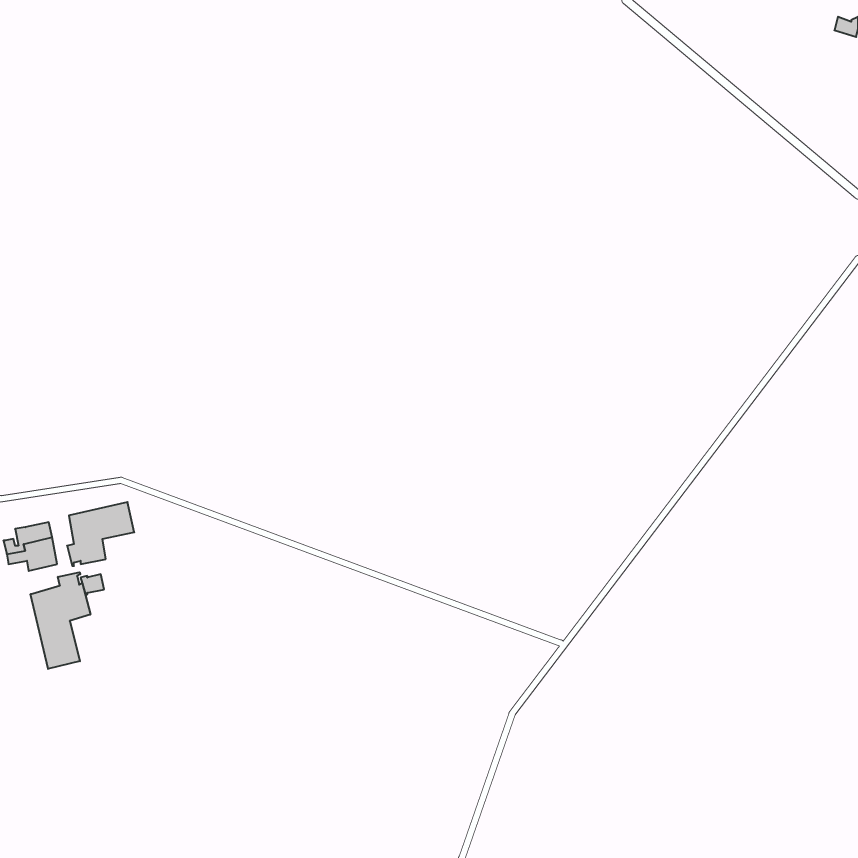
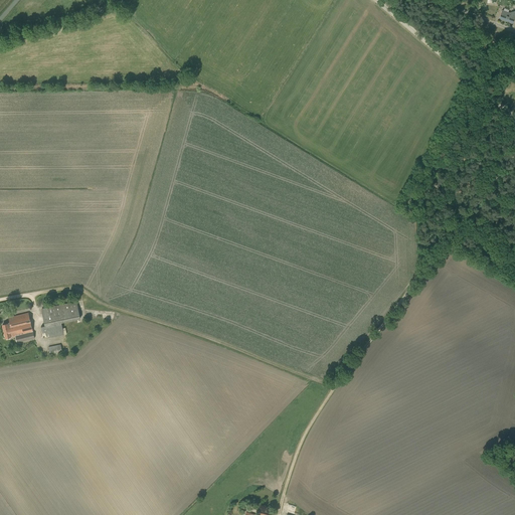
building: [31,572,90,669] -> none

